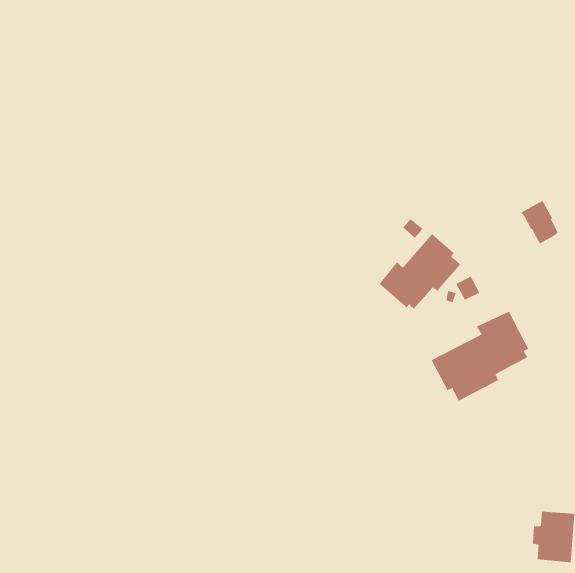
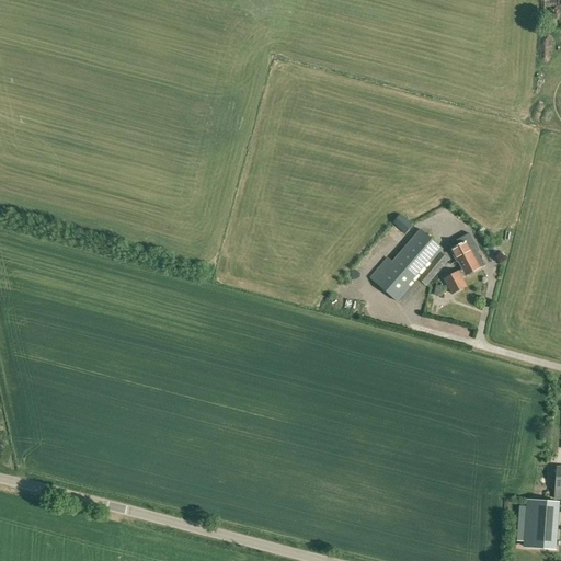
building: [520,200,559,244] -> [446,231,483,274]
building: [431,311,529,401] -> none

